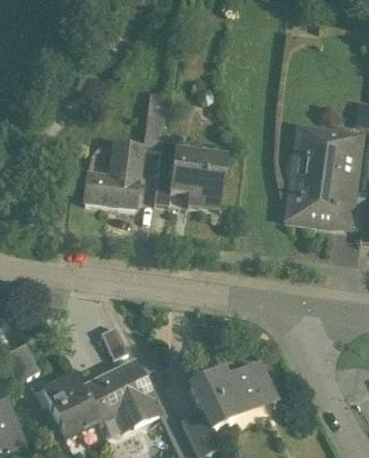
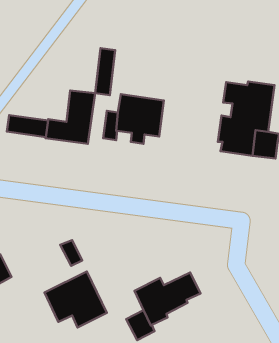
building: none -> [7,115,48,137]
building: [41,376,97,438] -> none

